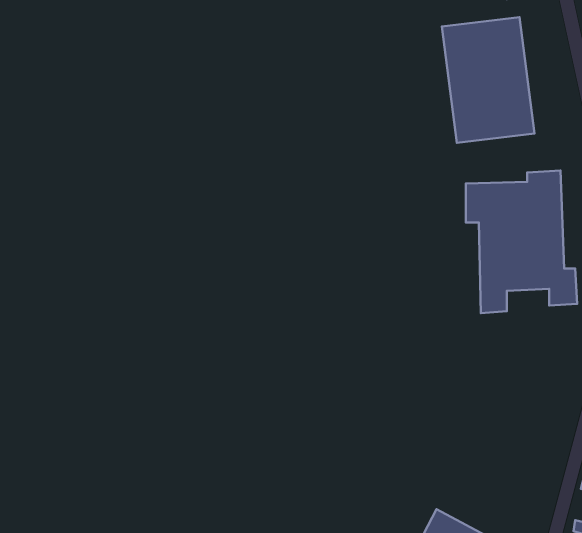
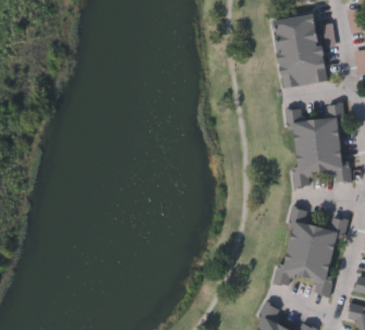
building: none -> [277,207,344,297]

